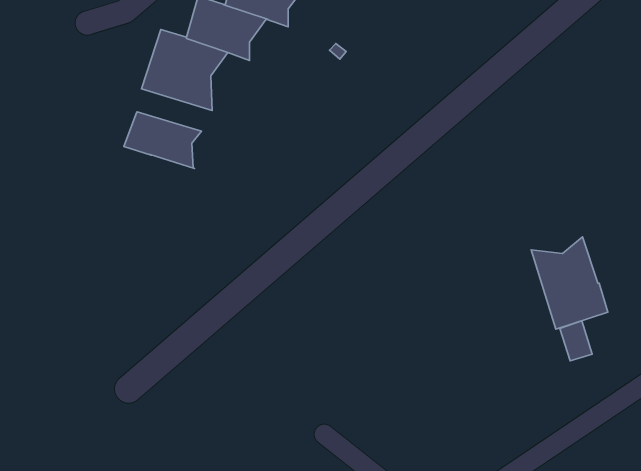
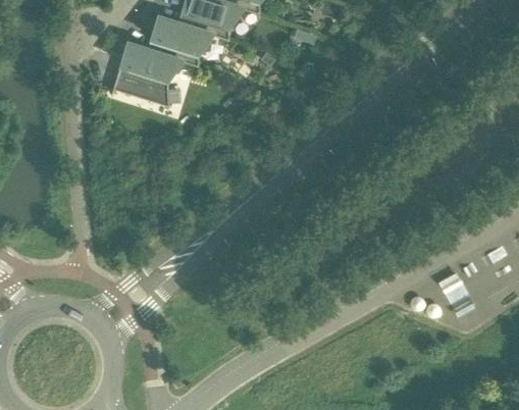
building: [124,112,202,168] -> none
building: [531,237,608,329] -> none

